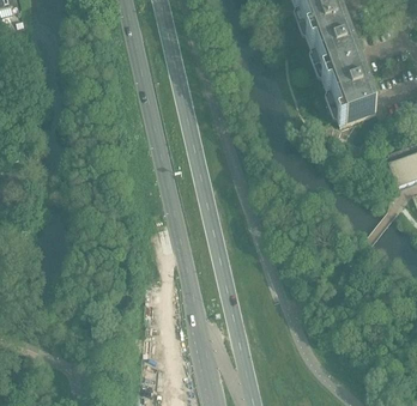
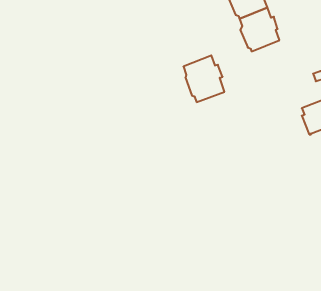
building: [324,66,376,126] -> [183,55,224,102]

